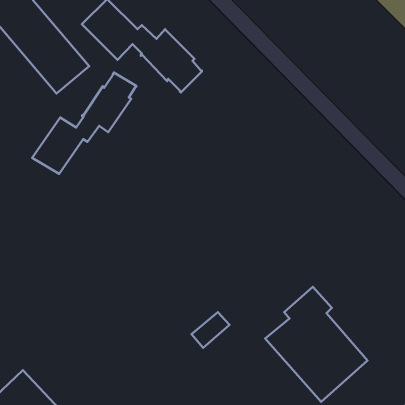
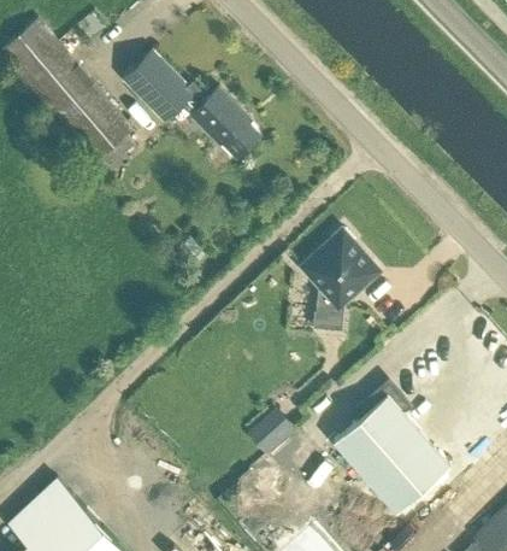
building: [32,73,136,174] -> none
building: none -> [303,231,378,333]

